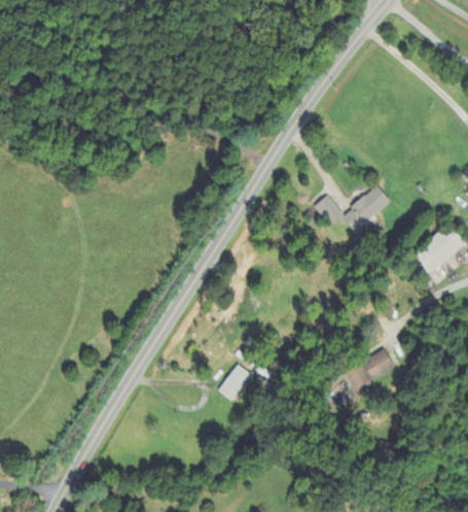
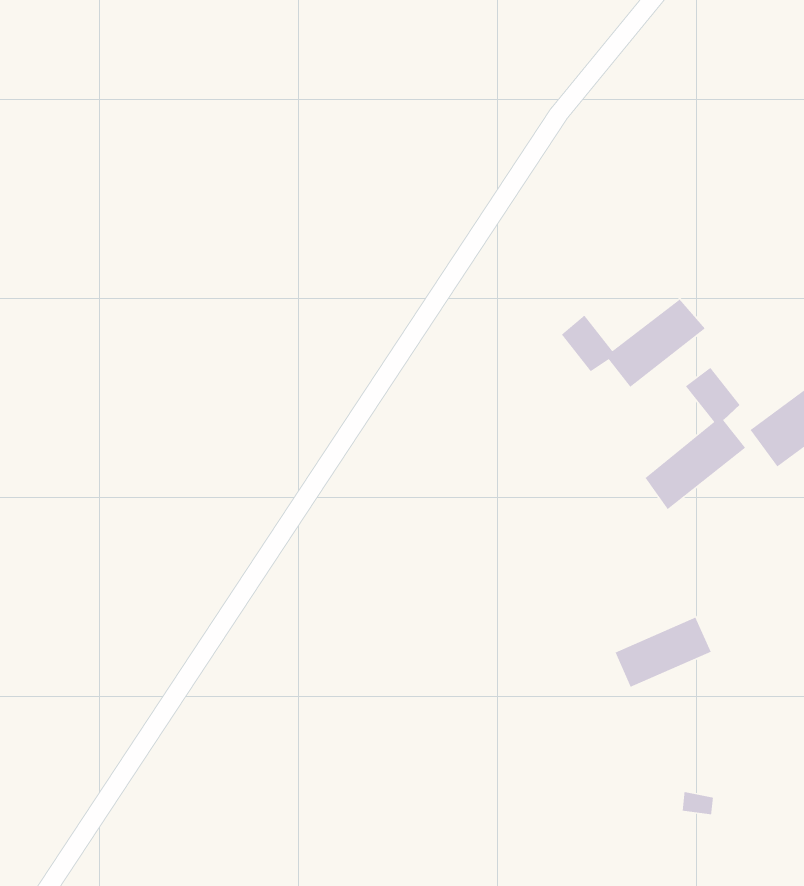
building: none -> [644,367,746,510]
building: [218,365,251,401] -> none

